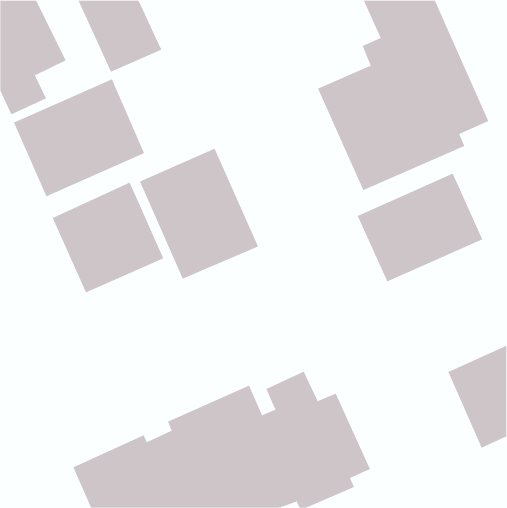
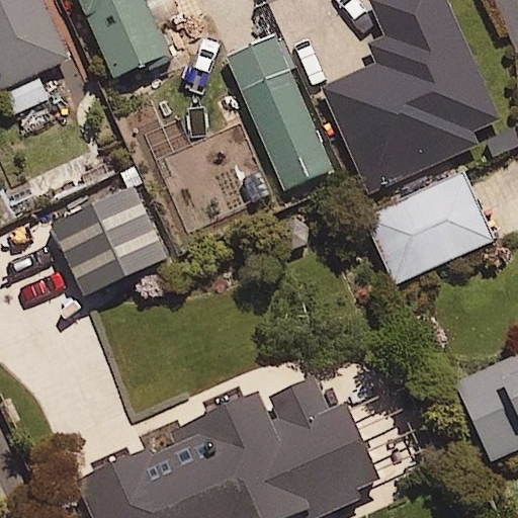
building: none -> [230,42,331,193]
building: [13,78,145,197] -> none
building: [139,148,259,279] -> none

